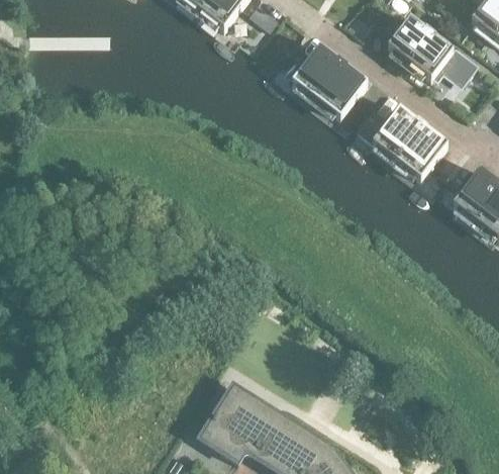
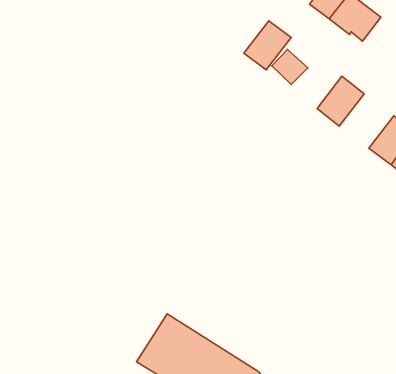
building: [292,46,343,100] -> none
building: [373,107,423,161] -> none

